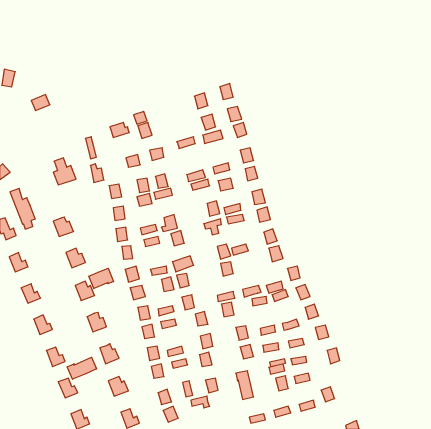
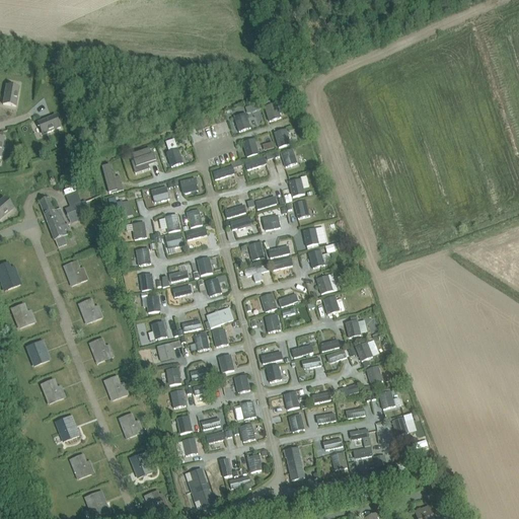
building: [10,189,35,229] -> [39,197,69,245]
building: [89,268,114,289] -> none
building: [67,357,97,379] -> none

